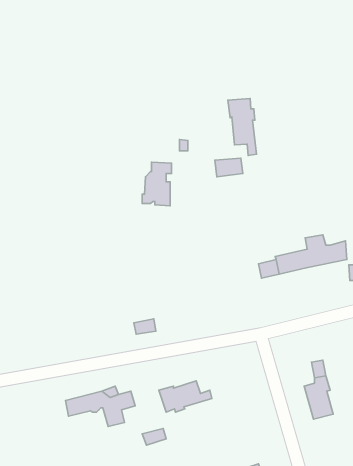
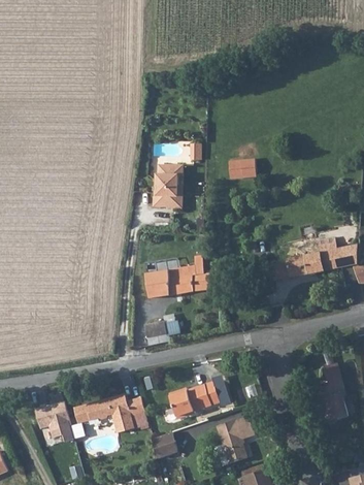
building: [228,99,256,156] -> none
building: none -> [147,265,214,295]
building: none -> [35,397,76,439]
building: none -> [217,414,256,460]

